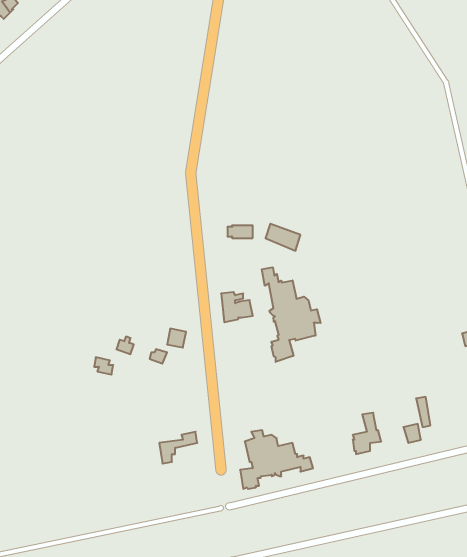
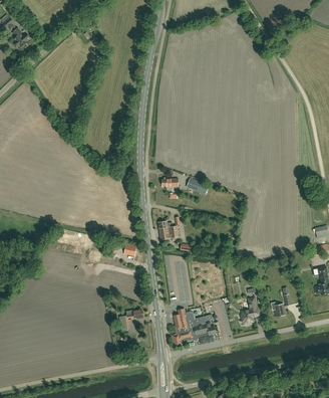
building: [262,267,321,362] -> none

